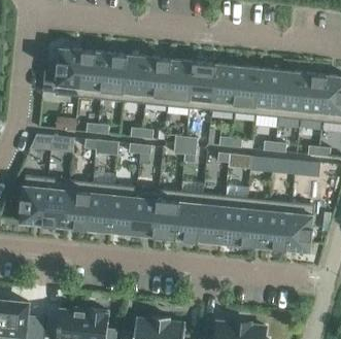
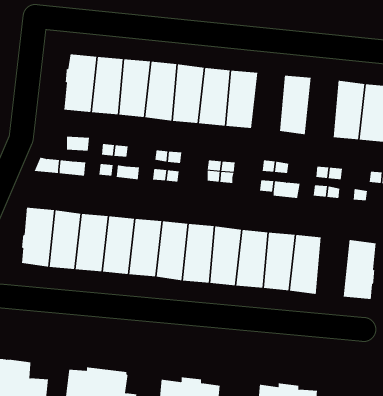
building: [211,65,238,113] -> none
building: [255,69,282,118] -> none
building: [265,201,292,250] -> none

